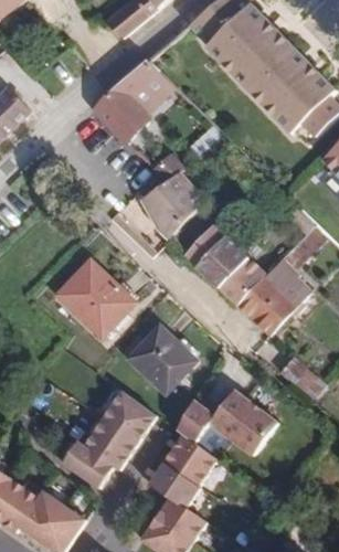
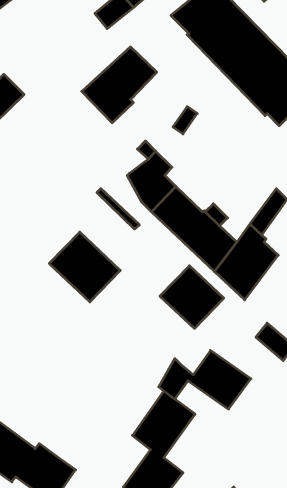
building: [127,325,197,393] -> [160,266,224,328]
building: [63,391,156,487] -> none

